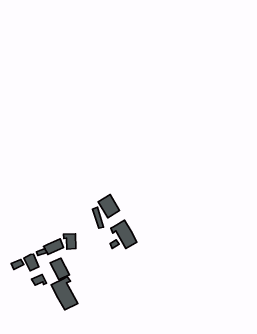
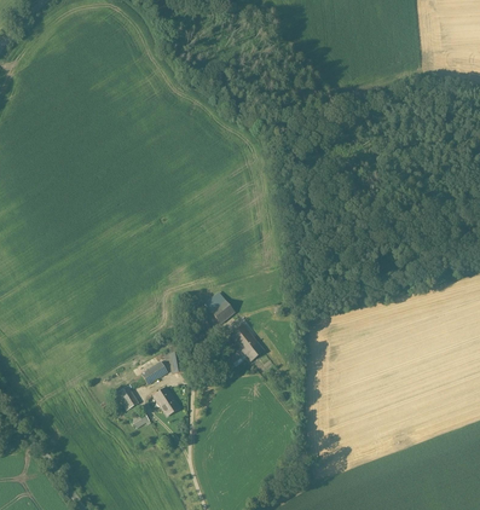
building: [51,276,78,310] -> none

